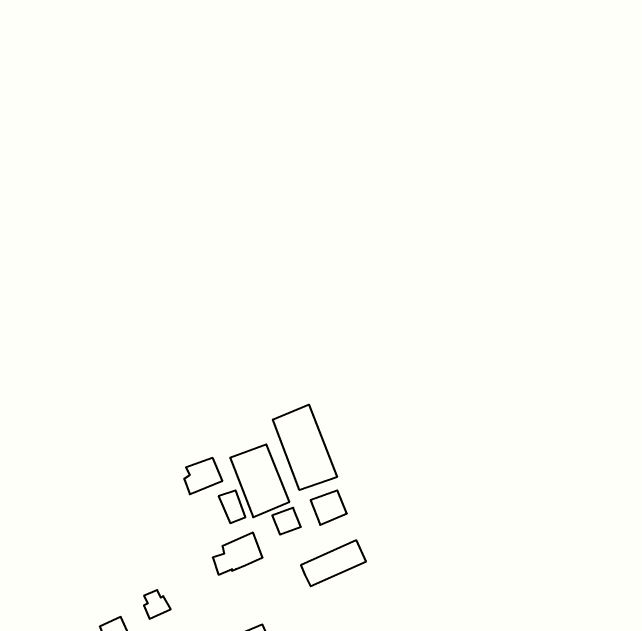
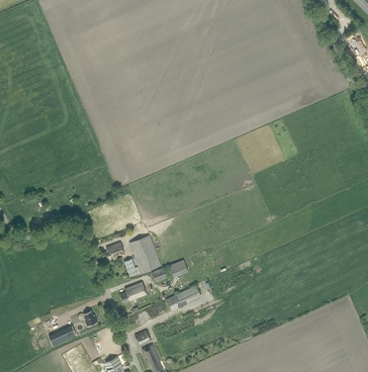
building: [273,405,337,490] -> none

